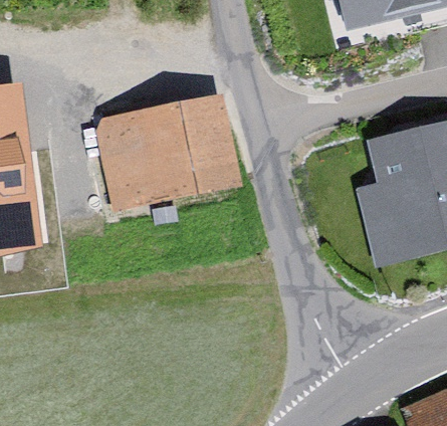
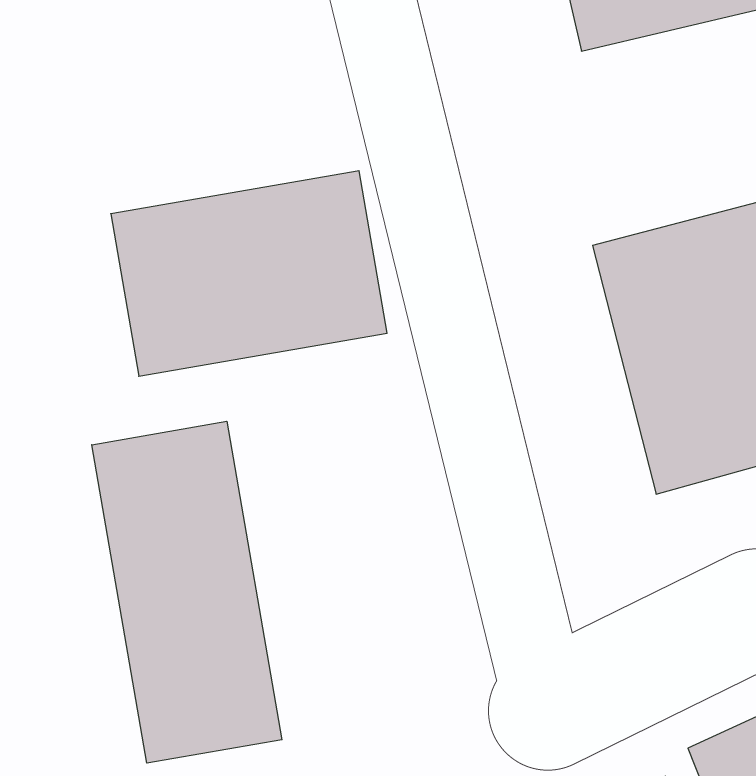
building: none -> [92,421,282,763]

